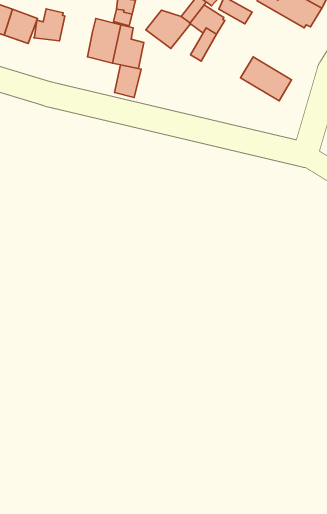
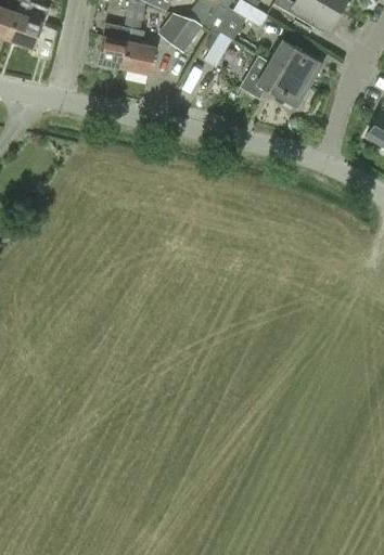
building: [34,9,65,41] -> none
building: none -> [269,39,322,86]
building: [114,65,141,97] -> none

